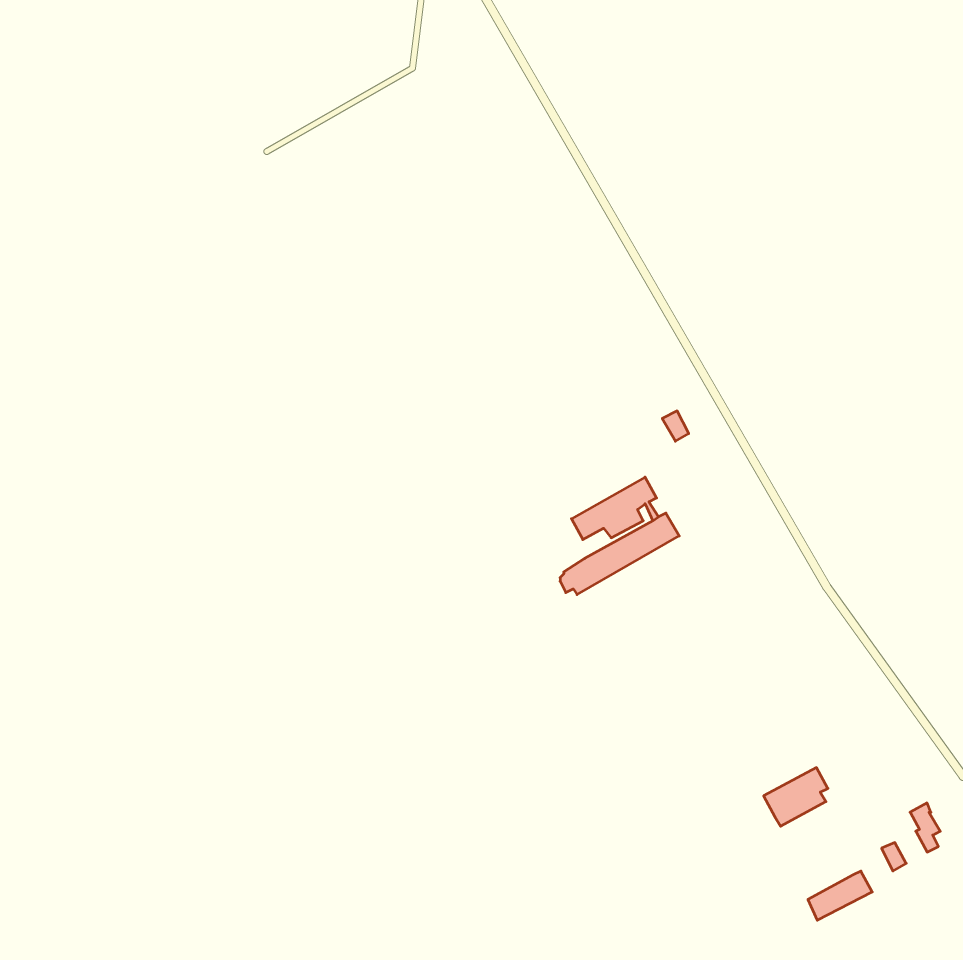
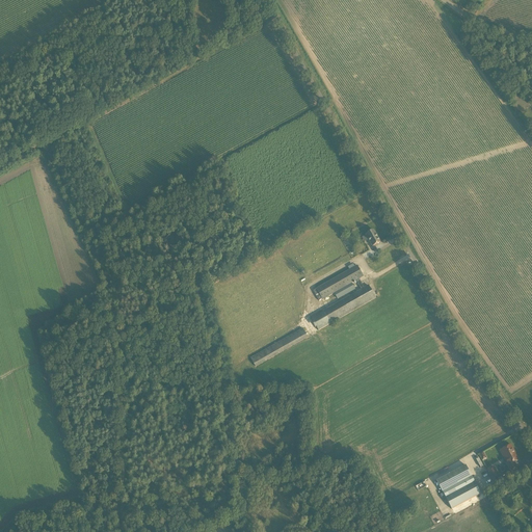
building: [764,768,828,826] -> [434,461,470,494]

